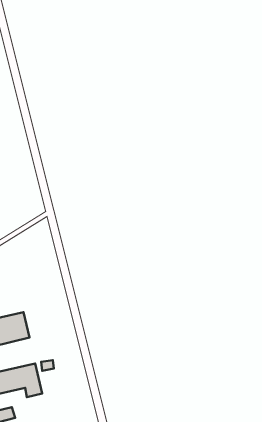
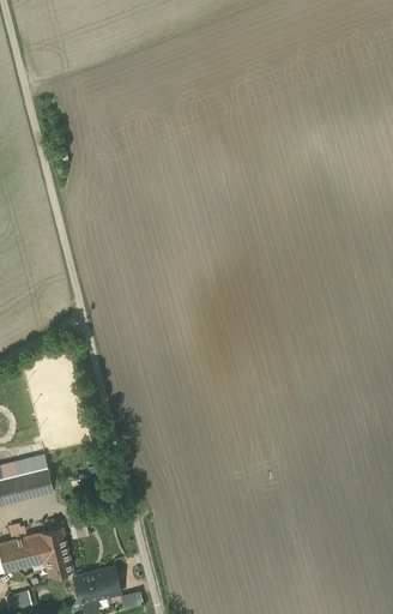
building: none -> [72,566,121,604]

